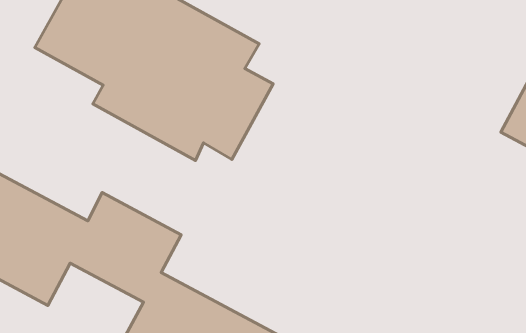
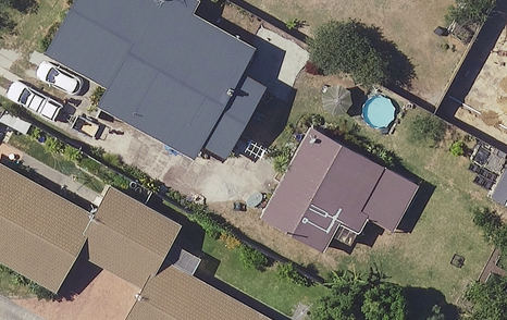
building: none -> [265,132,418,251]

